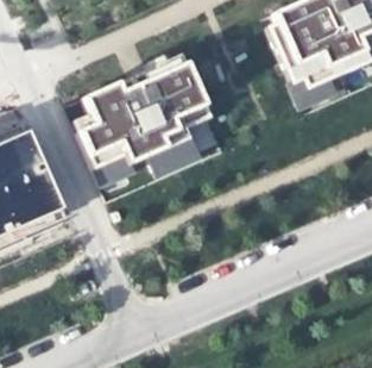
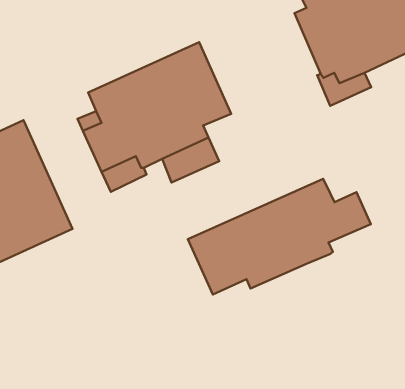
building: none -> [188,179,371,295]

